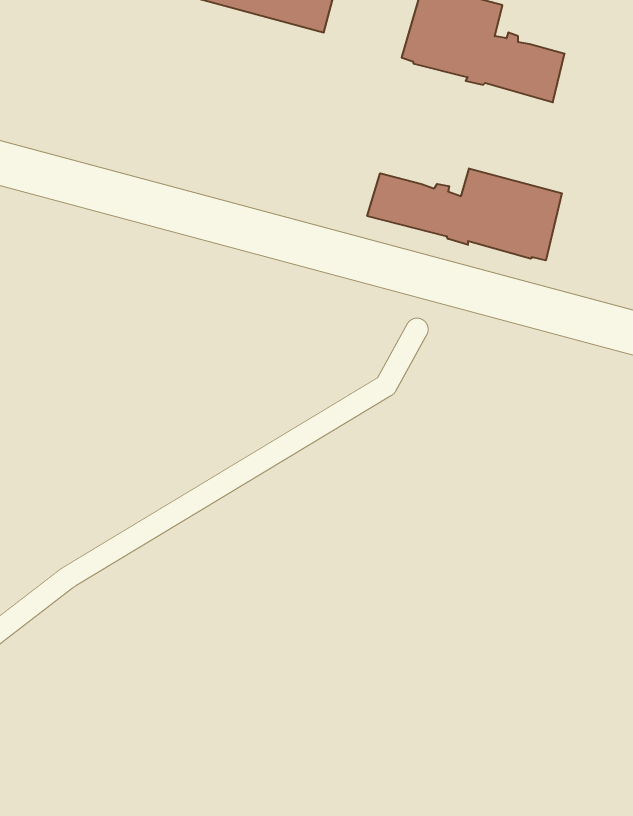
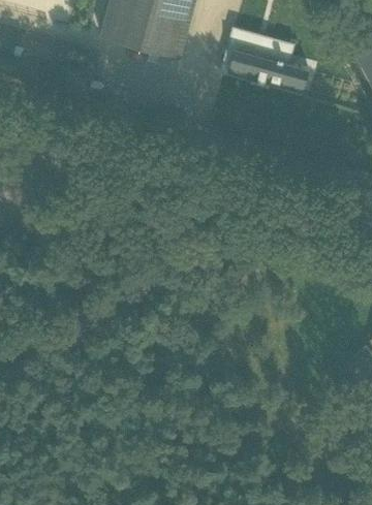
building: [367,168,562,260] -> none

